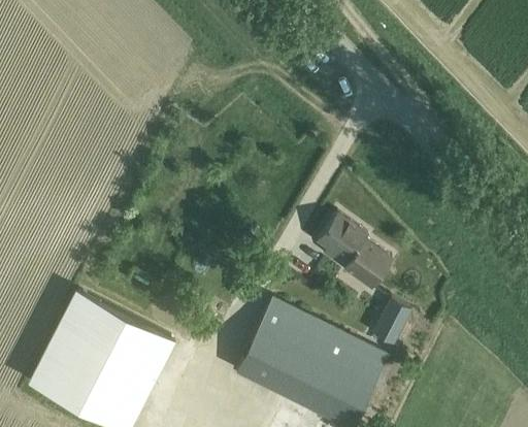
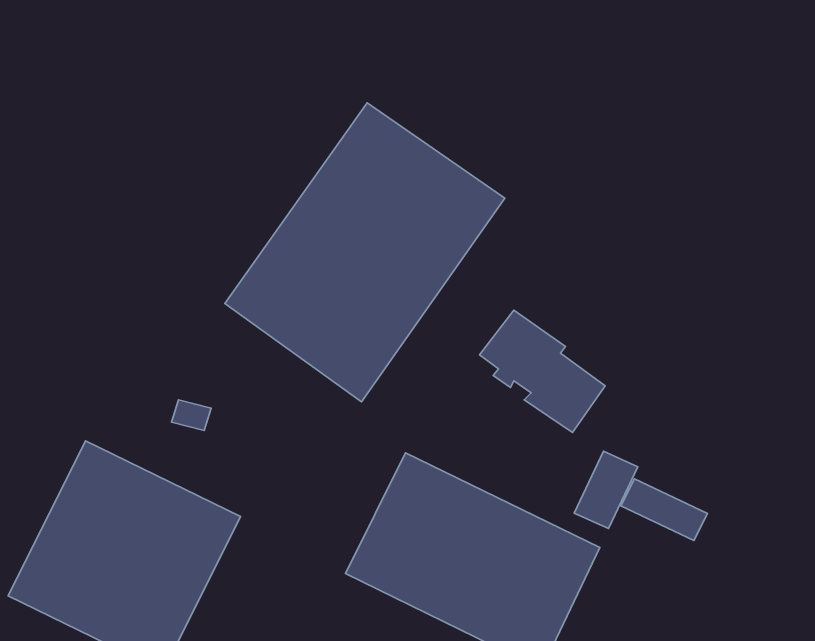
building: none -> [225,103,505,402]
building: none -> [621,479,708,540]

